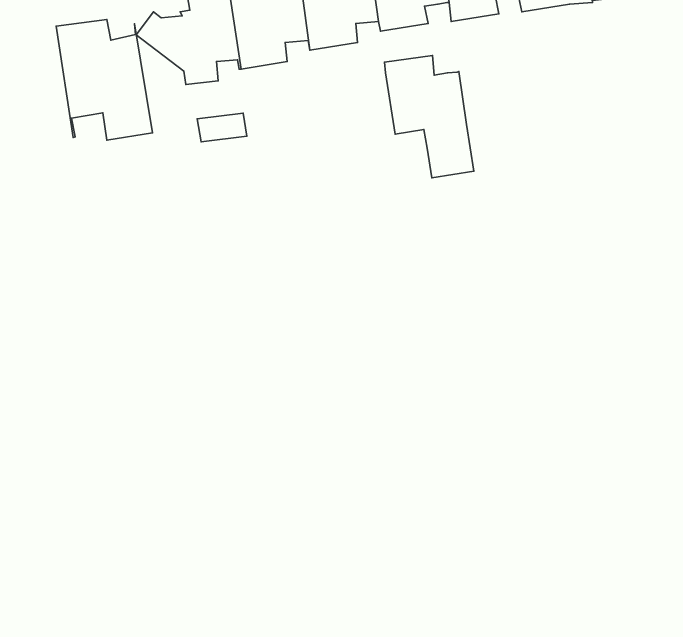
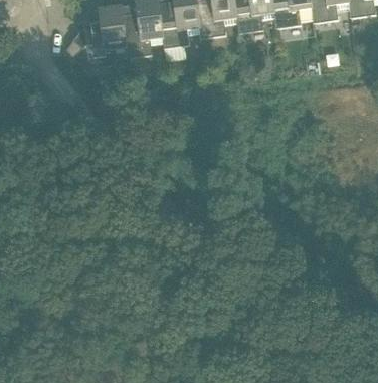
building: [56,19,153,140] -> none
building: [384,56,474,178] -> none

